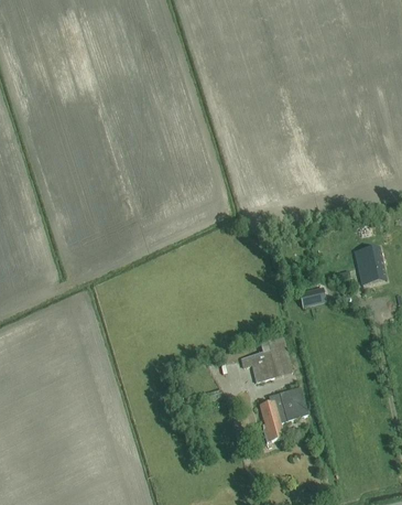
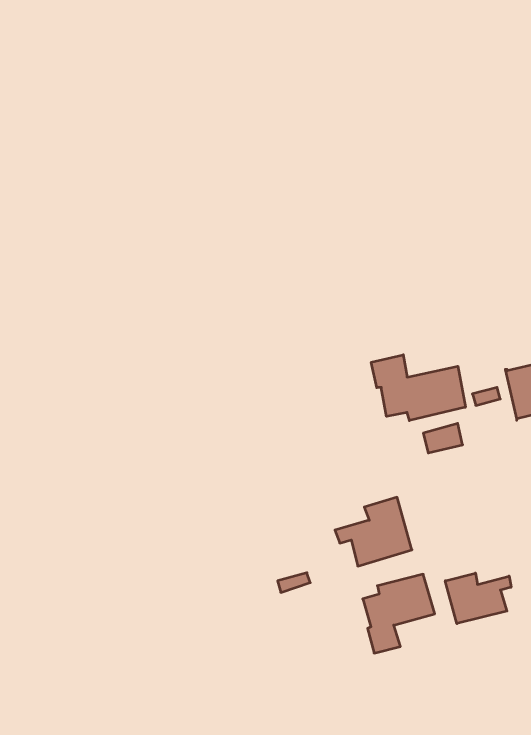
building: none -> [371,355,465,421]
building: none -> [445,573,511,624]

